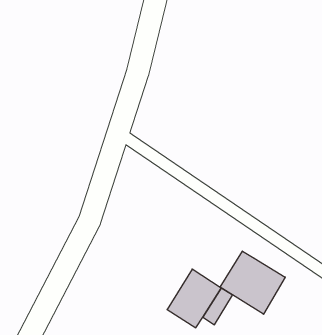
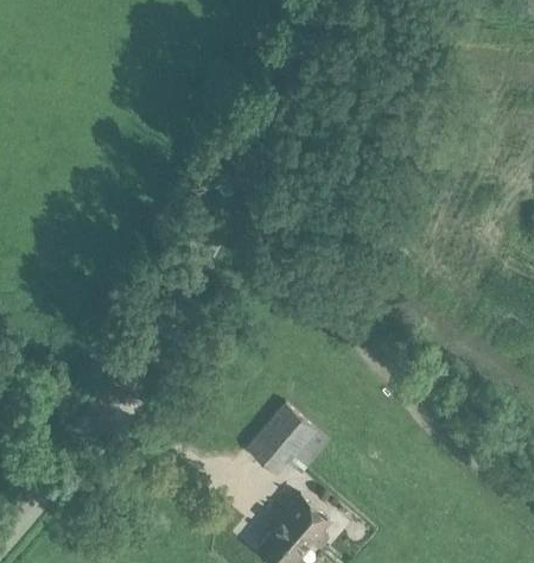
building: [220,251,285,314] -> none

